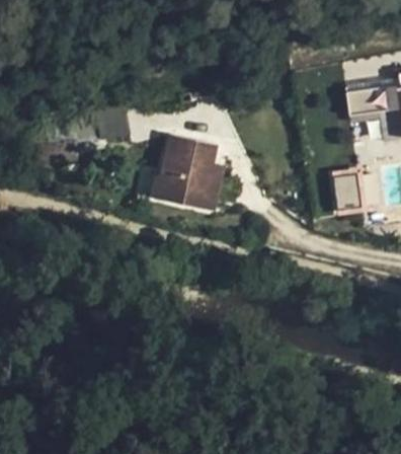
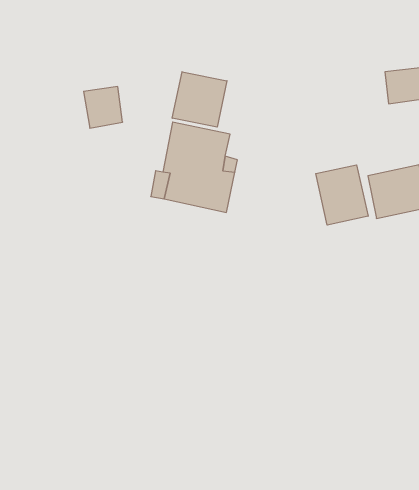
building: none -> [172,72,227,127]
building: none -> [316,165,368,225]

